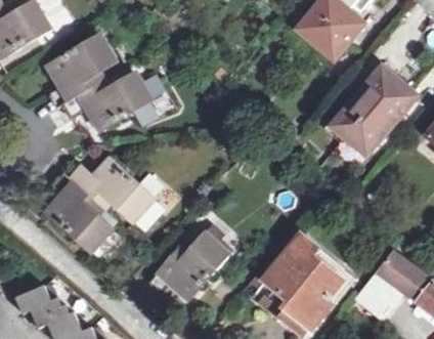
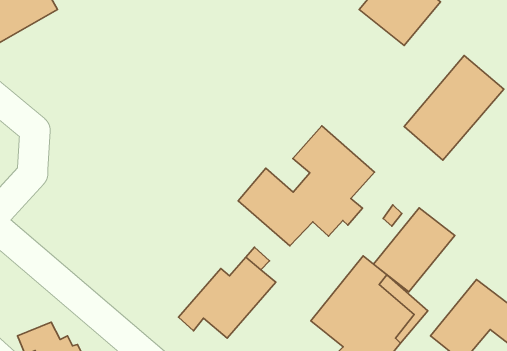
building: [48,35,150,129] -> none
building: none -> [238,126,375,246]
building: [47,158,155,252] -> none
building: none -> [373,208,455,292]

